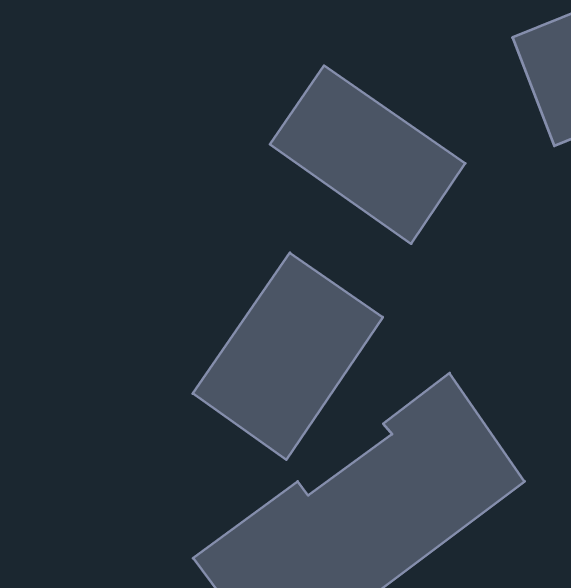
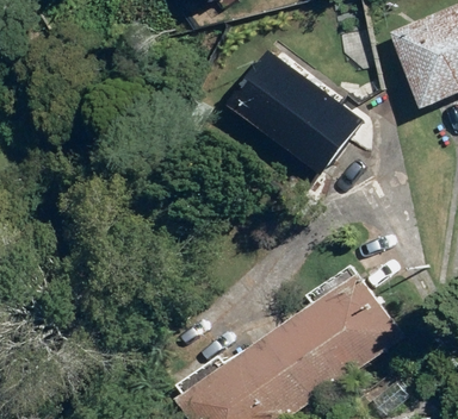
building: [193,253,383,460] -> none

